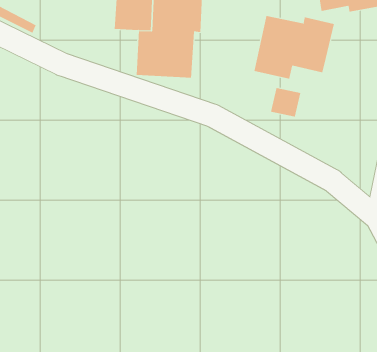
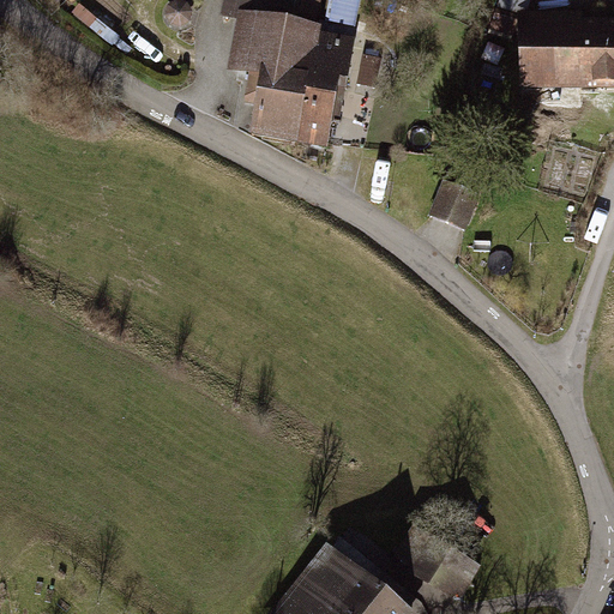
building: [254,15,334,79] -> none

